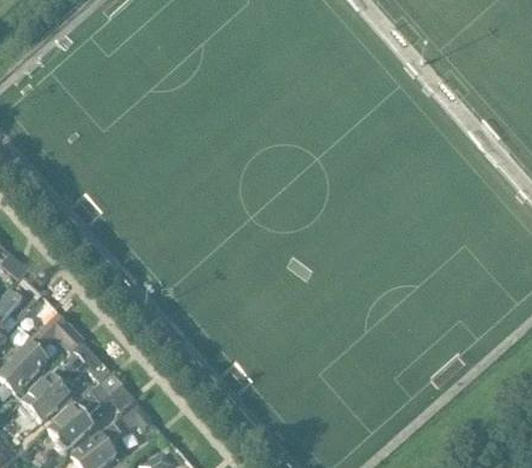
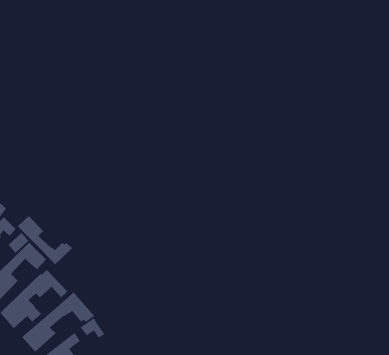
building: none -> [17,215,73,265]

